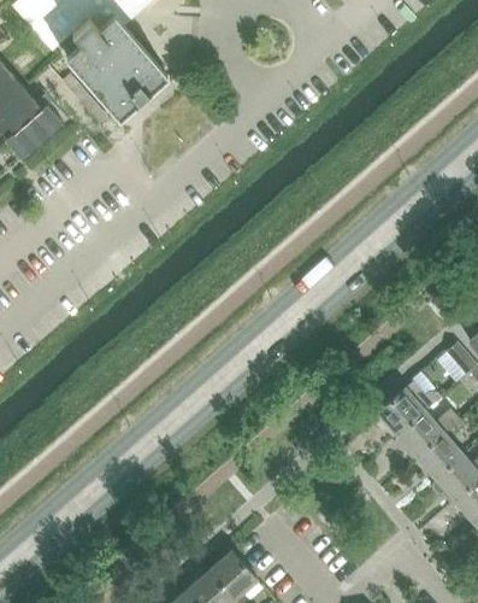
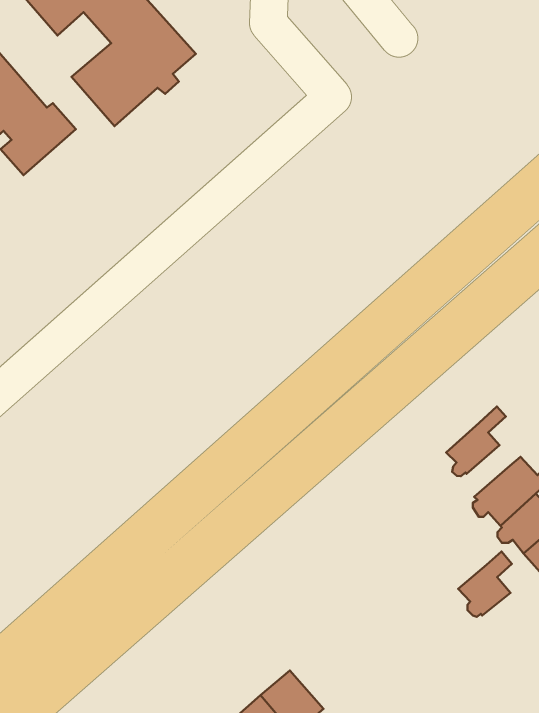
building: none -> [446,406,506,476]
building: none -> [458,552,512,617]

